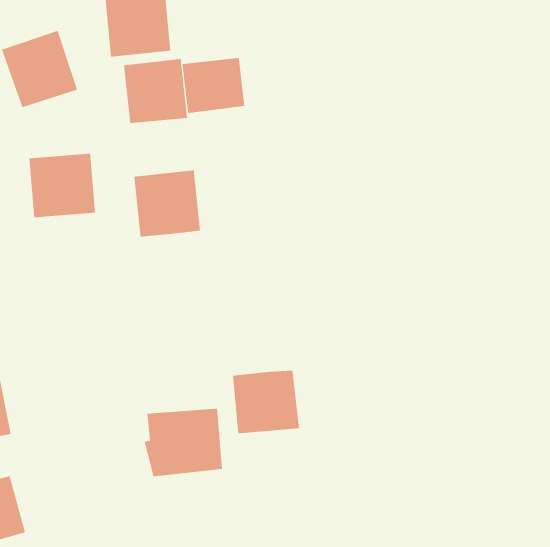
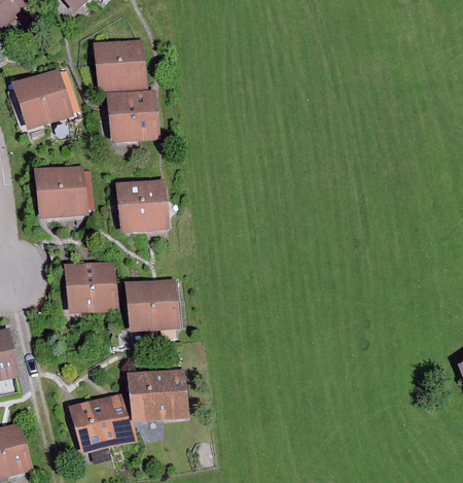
building: [182,57,245,114] -> none
building: none -> [65,261,118,312]
building: [232,370,300,434] -> [126,280,179,331]
building: none -> [68,391,137,454]

